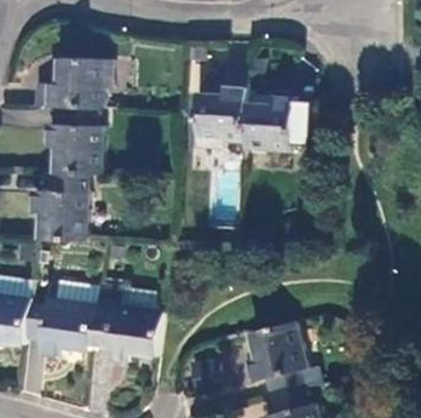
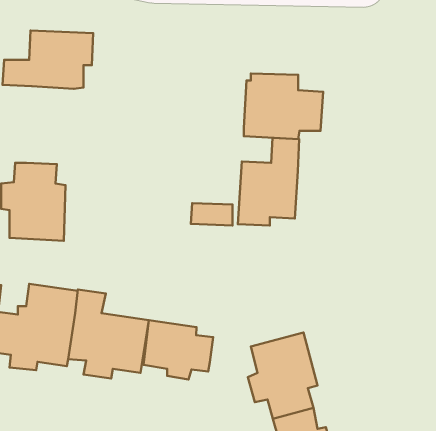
building: [196,71,249,148] -> [238,138,299,225]
building: [48,105,106,173] -> none
building: none -> [143,320,213,380]

